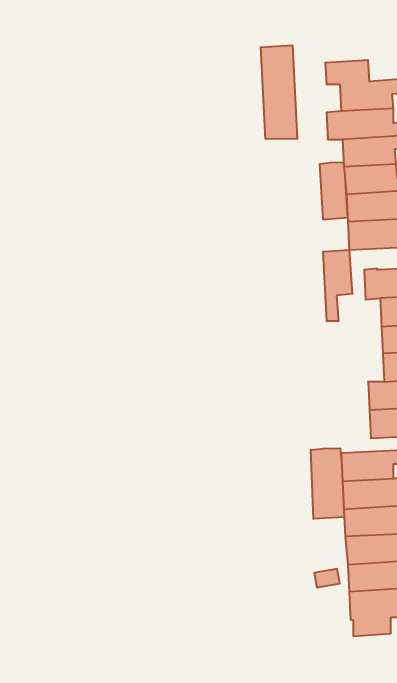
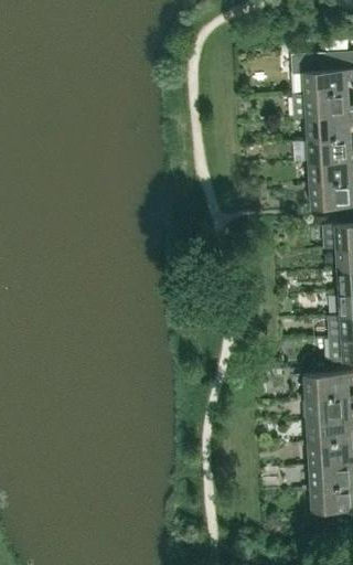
building: [261,45,297,139] -> none
building: [320,162,347,220] -> none
building: [323,250,352,321] -> none
building: [311,448,344,519] -> none

